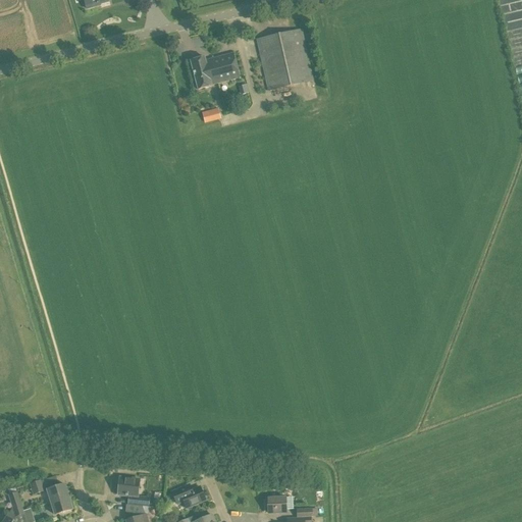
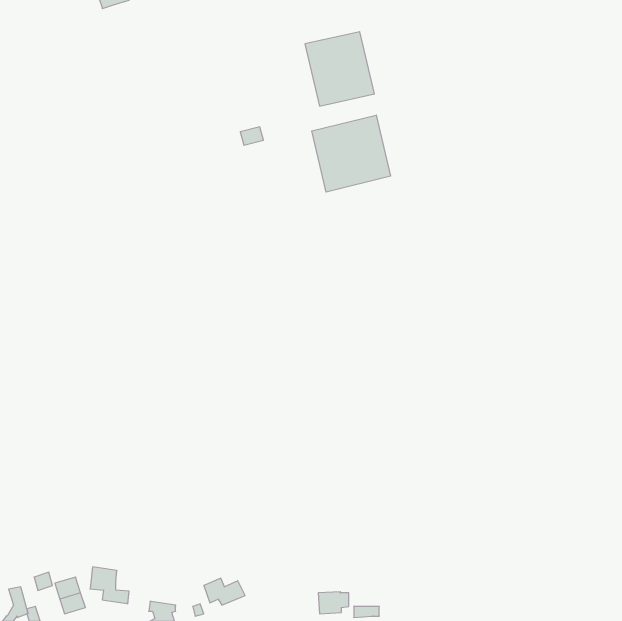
building: [190,51,240,88] -> none
building: none -> [312,115,391,192]
building: [116,475,149,506] -> [90,567,129,603]

